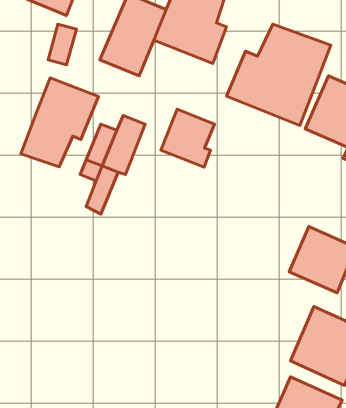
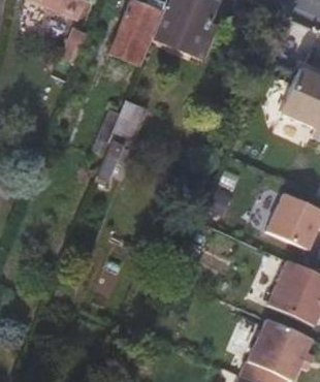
building: [226,24,331,125] -> none
building: [21,78,98,167] -> none
building: [161,109,215,167] -> none

